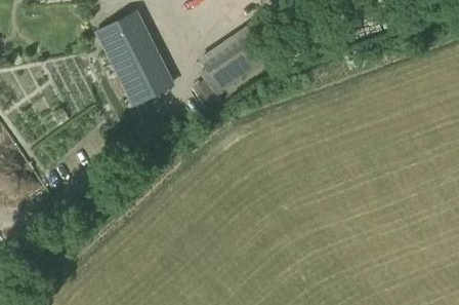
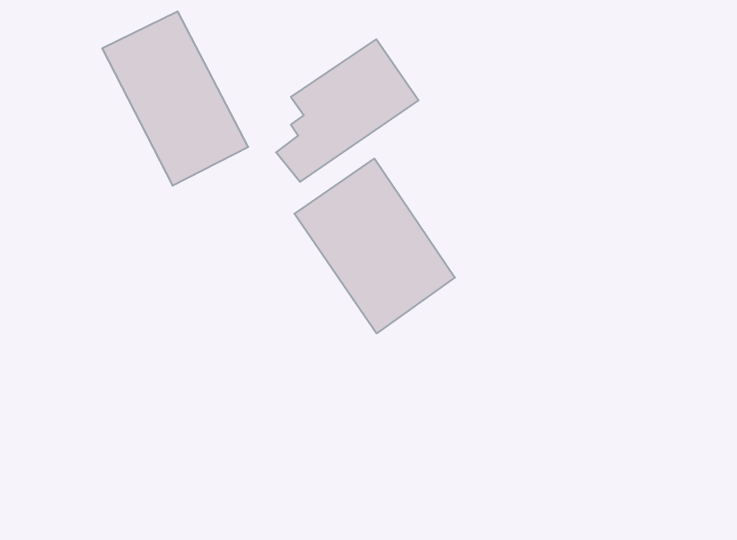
building: none -> [294,159,455,333]

